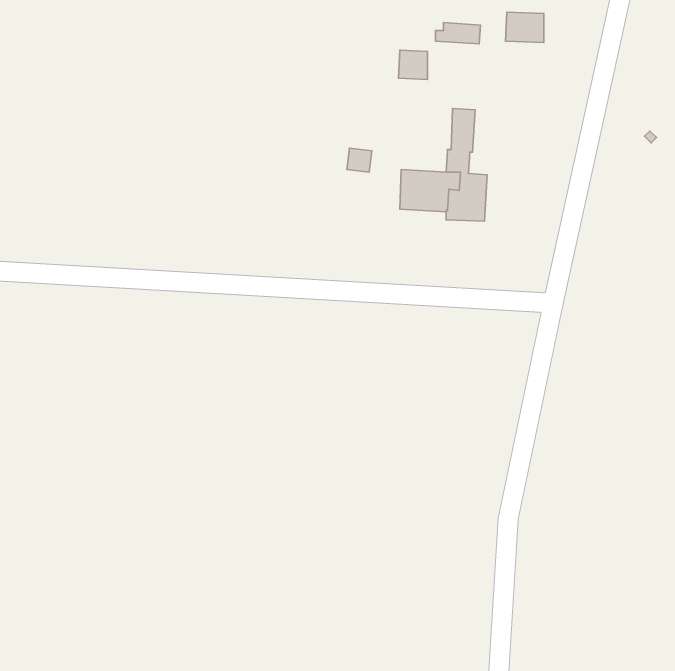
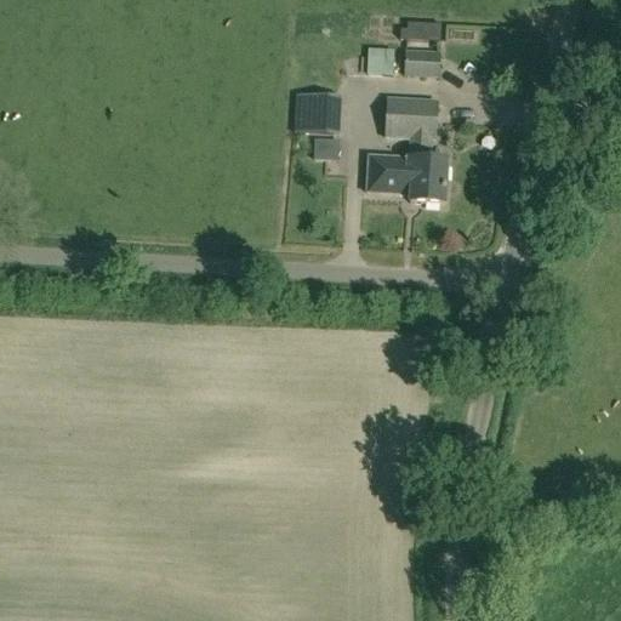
building: [505,12,544,43] -> [403,49,438,76]
building: none -> [298,92,342,129]
building: none -> [386,98,415,138]

